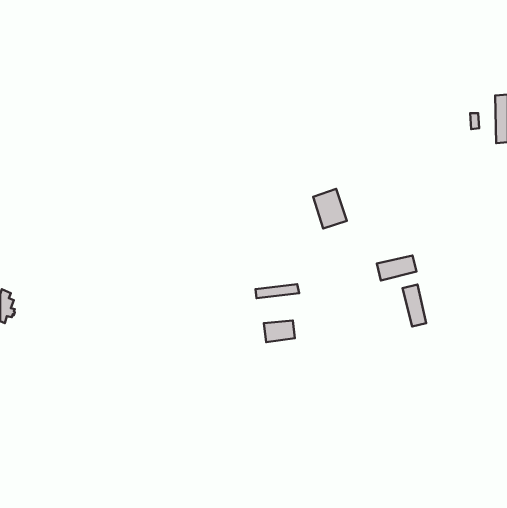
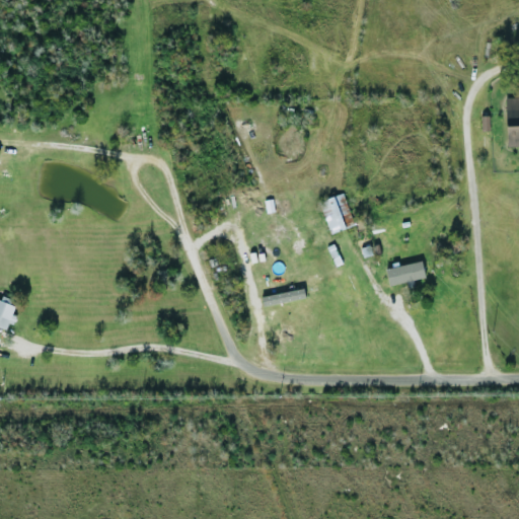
building: [403,284,426,326] -> none
building: [264,320,295,342] -> none

